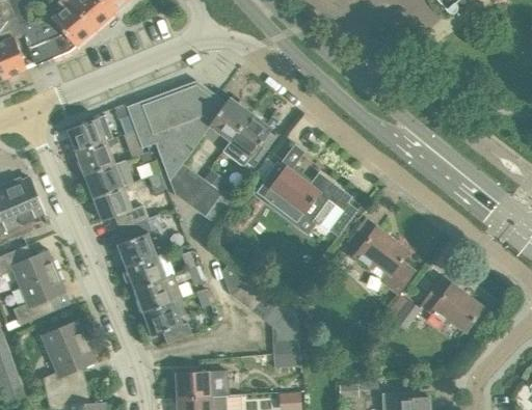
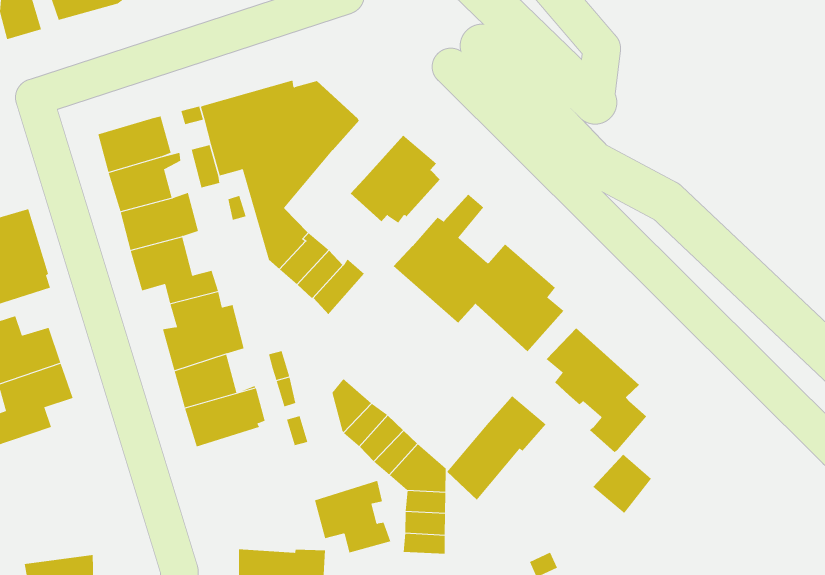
building: [210,98,250,141] -> none
building: none -> [447,395,546,500]
building: [423,280,483,331] -> none
building: [143,298,192,344] -> [314,480,391,553]
building: [39,319,97,393] -> none

